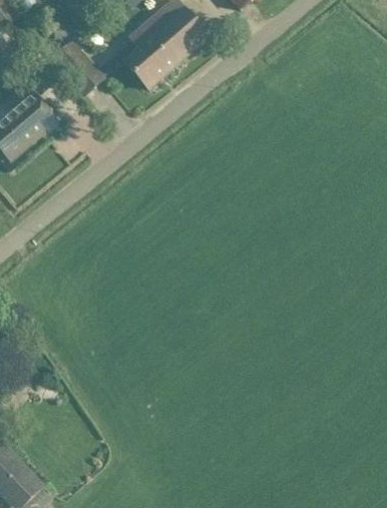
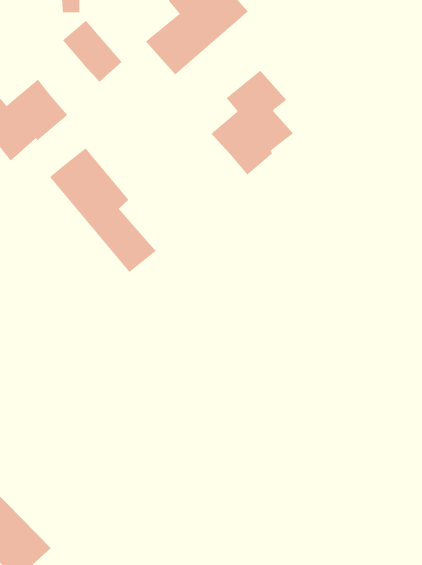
building: none -> [211,70,294,175]
building: none -> [49,148,156,273]

